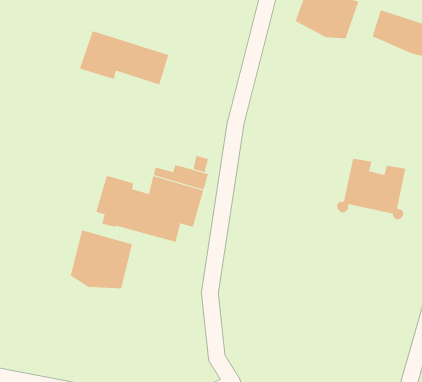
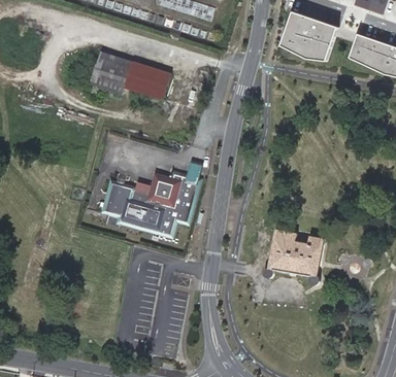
building: [336,158,406,220] -> [261,229,323,283]
building: [70,230,132,289] -> none

